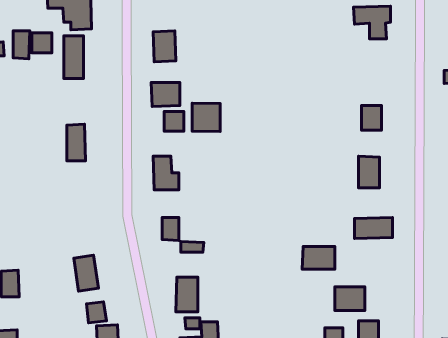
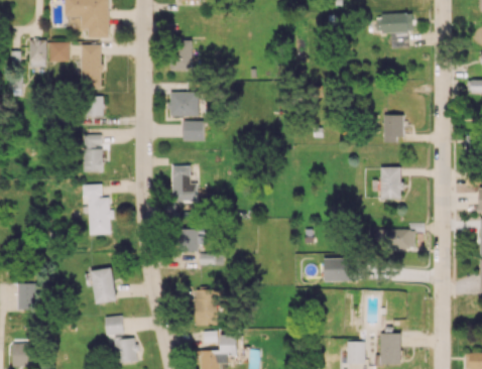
building: none -> [85,96,104,116]
building: [192,103,220,131] -> none
building: none -> [83,183,112,235]
building: [335,287,365,311] -> none

